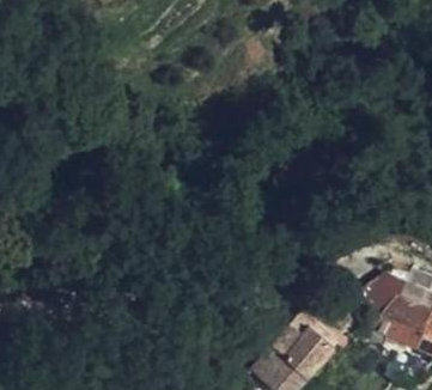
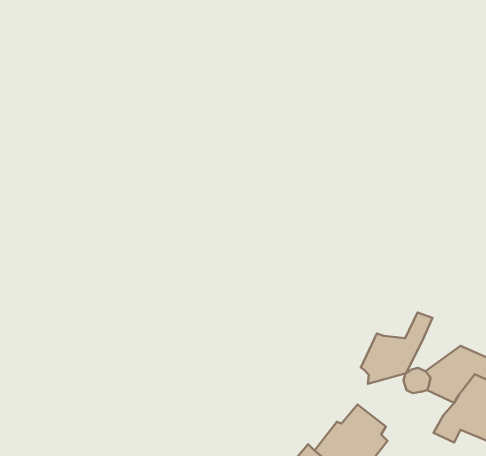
building: none -> [361,312,433,384]

